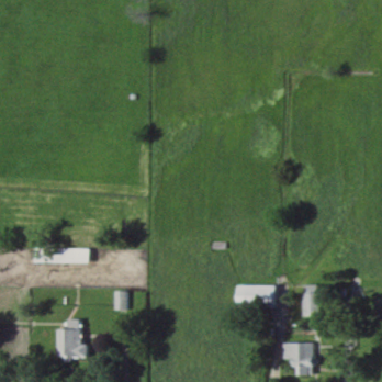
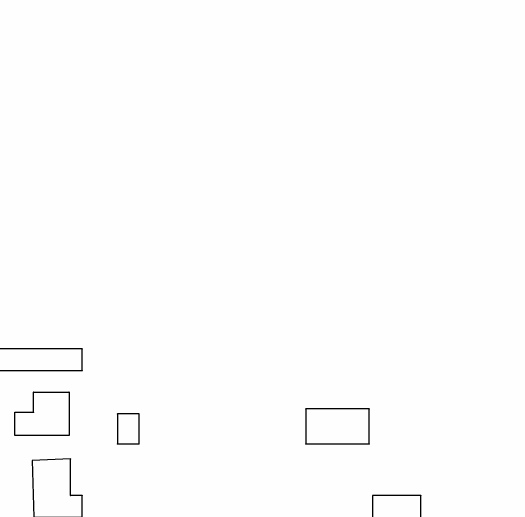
building: none -> [15,392,69,435]
building: [301,286,319,317] -> none

